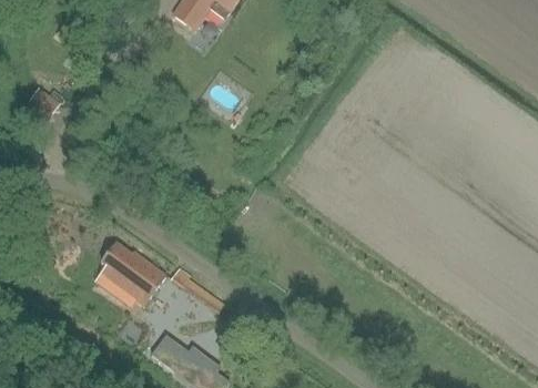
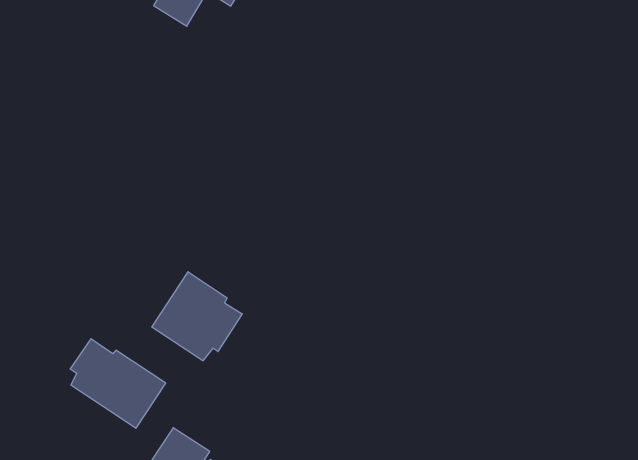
building: none -> [152,272,242,361]

